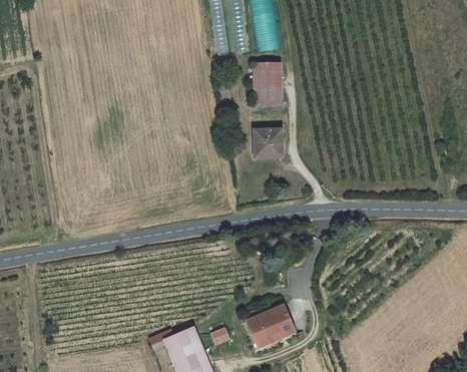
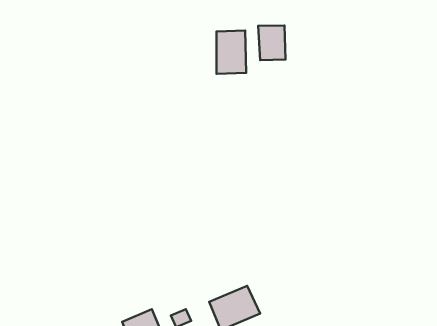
building: none -> [258,25,285,60]
building: [254,128,283,157] -> none

